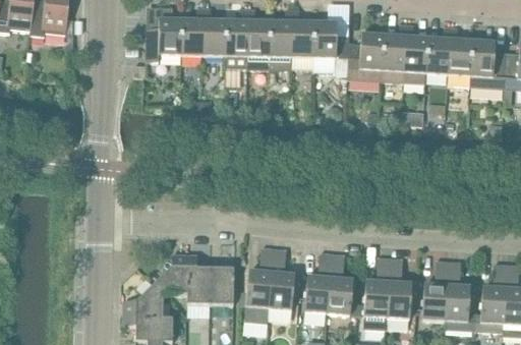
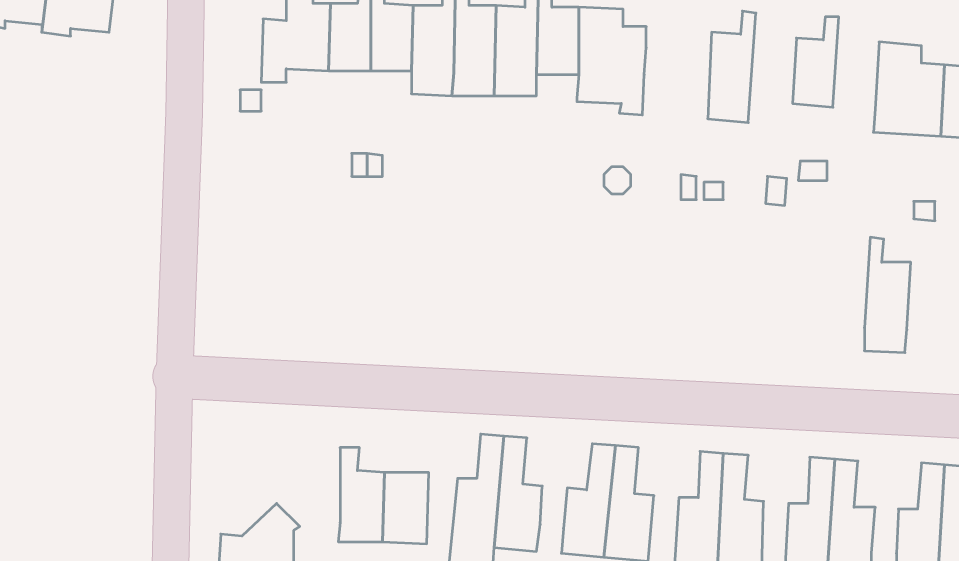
building: [403,24,428,83] -> none
building: [448,26,472,88] -> [864,237,911,353]
building: [347,34,384,80] -> none
building: [154,254,187,296] -> none

